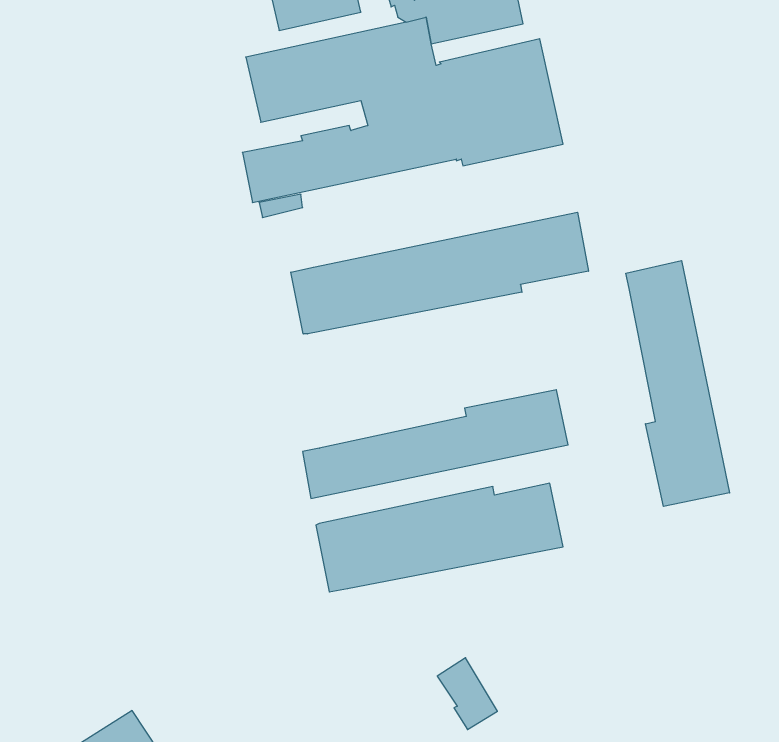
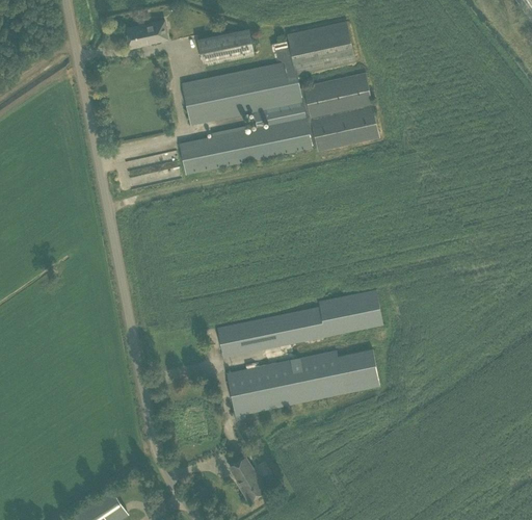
building: [291,212,588,334] -> none
building: [626,261,730,506] -> none
building: [437,658,497,730] -> [229,457,266,501]

